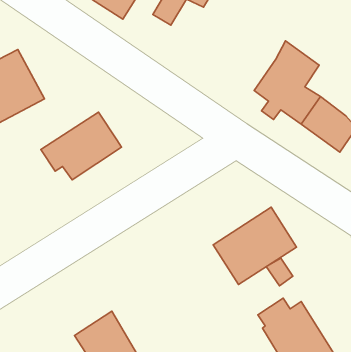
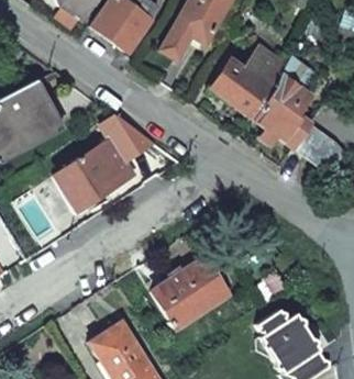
building: none -> [210,46,286,119]
building: none -> [100,113,159,164]
building: [213,207,296,285] -> [152,257,228,327]

